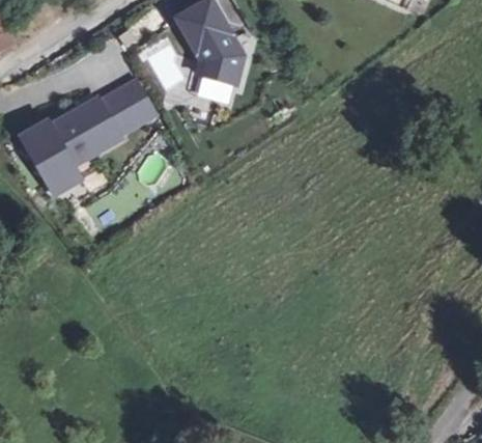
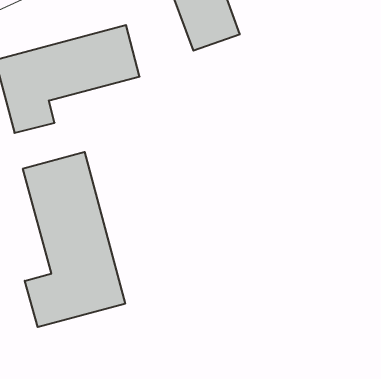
building: none -> [23,152,125,327]

